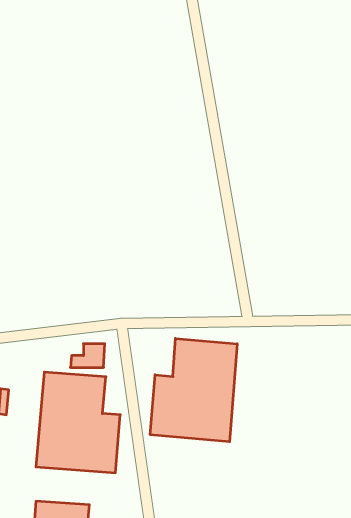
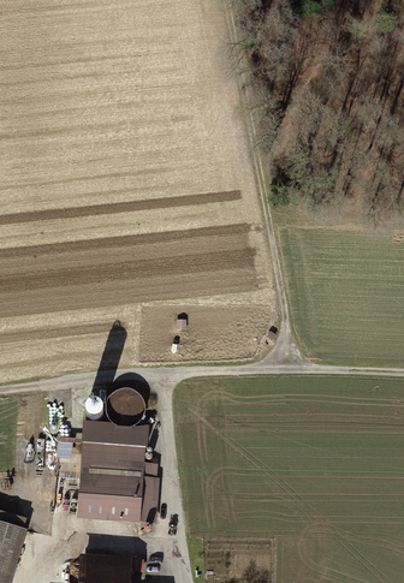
building: [150,338,237,442] -> none

